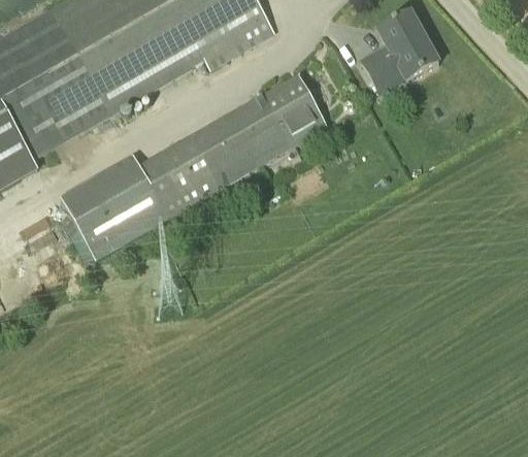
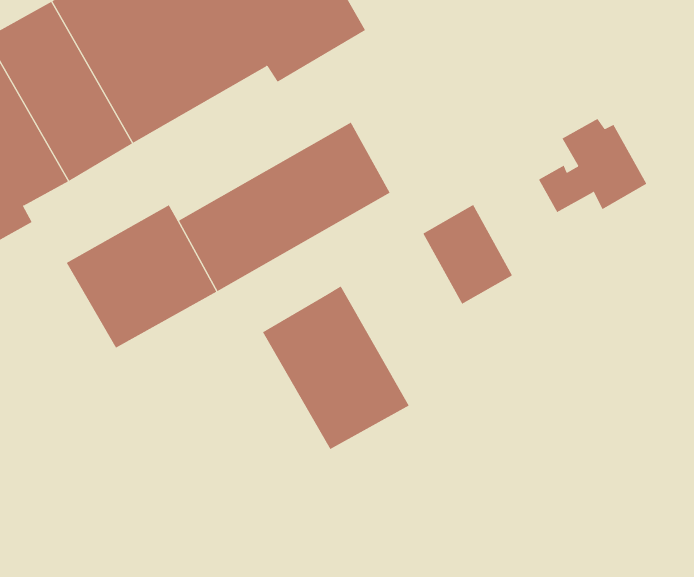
building: [361,17,438,84] -> [538,118,647,213]
building: [263,75,327,146] -> [423,204,513,305]
building: none -> [262,286,410,450]

